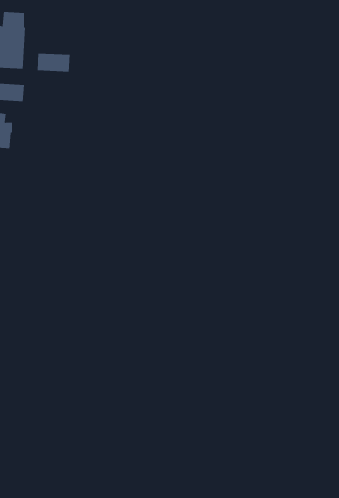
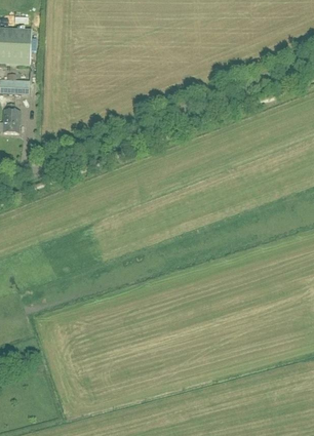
building: [37,53,70,72] -> none

